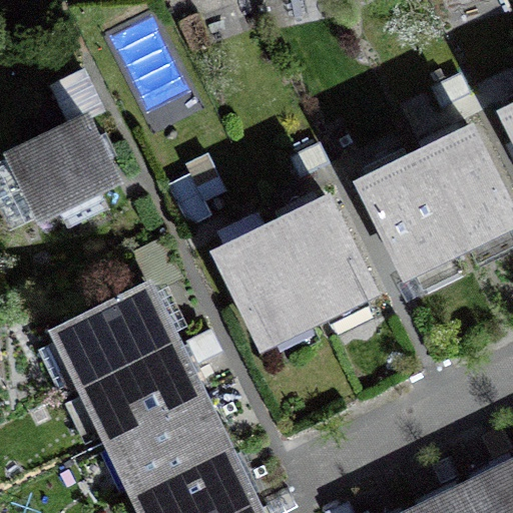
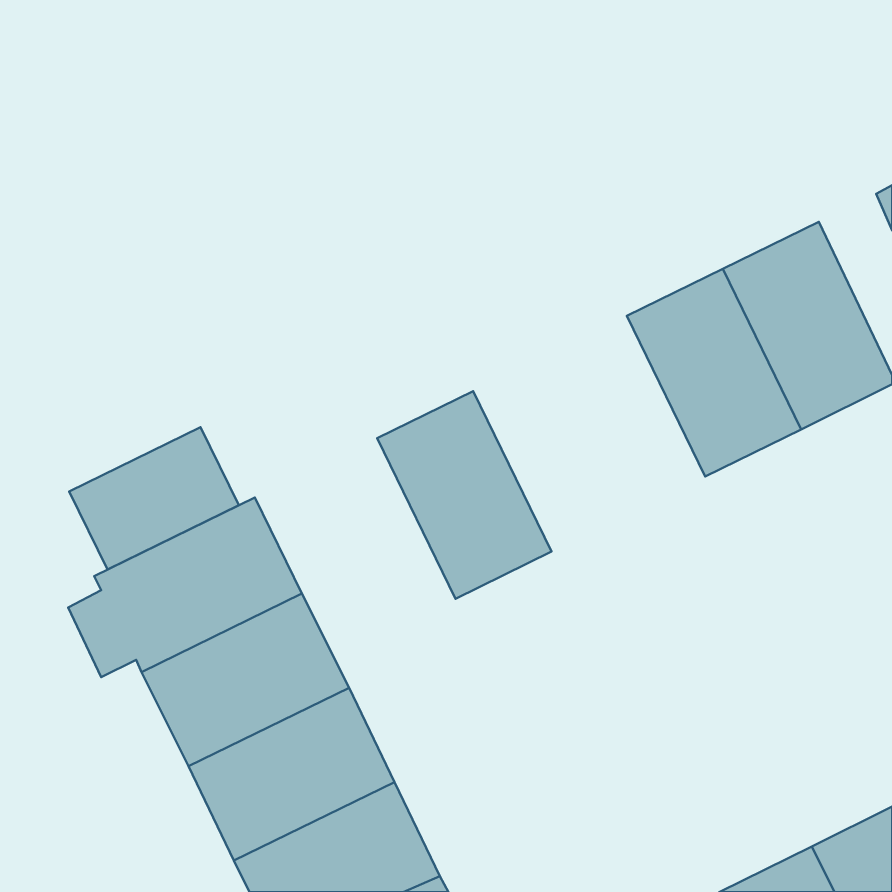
building: [10,119,115,216] -> none
building: [272,197,372,317] -> none
building: none -> [69,427,239,570]

